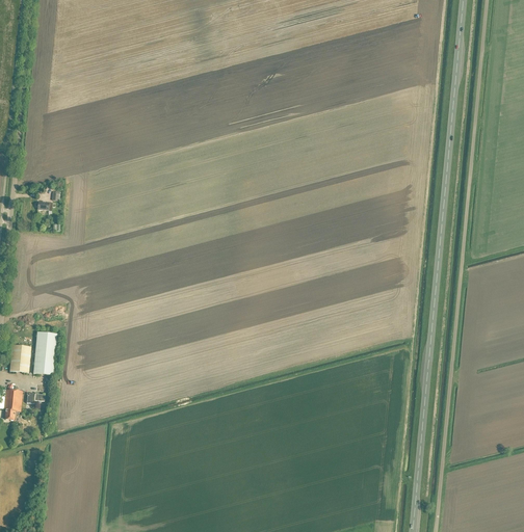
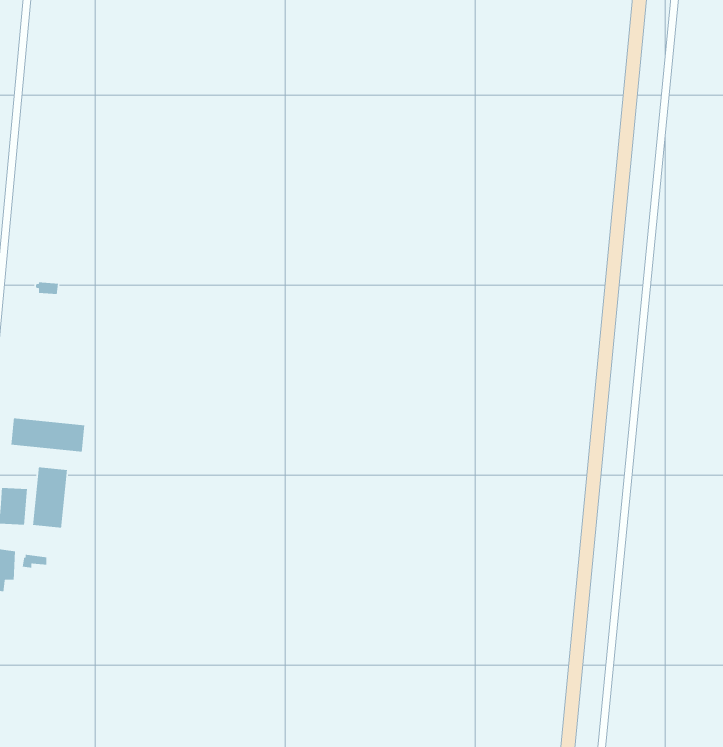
building: none -> [10,418,85,452]

